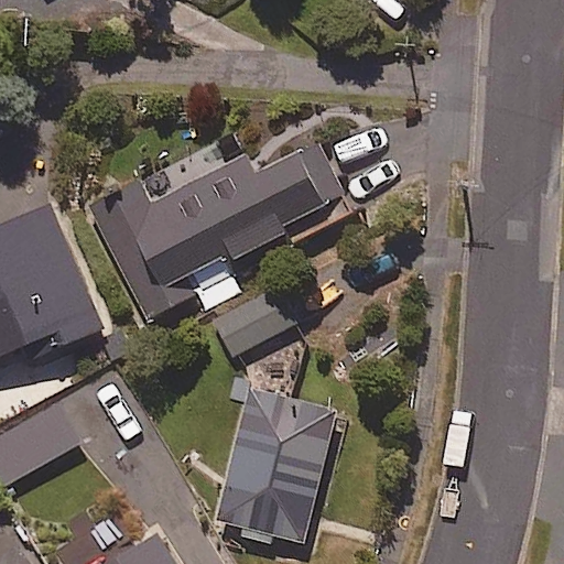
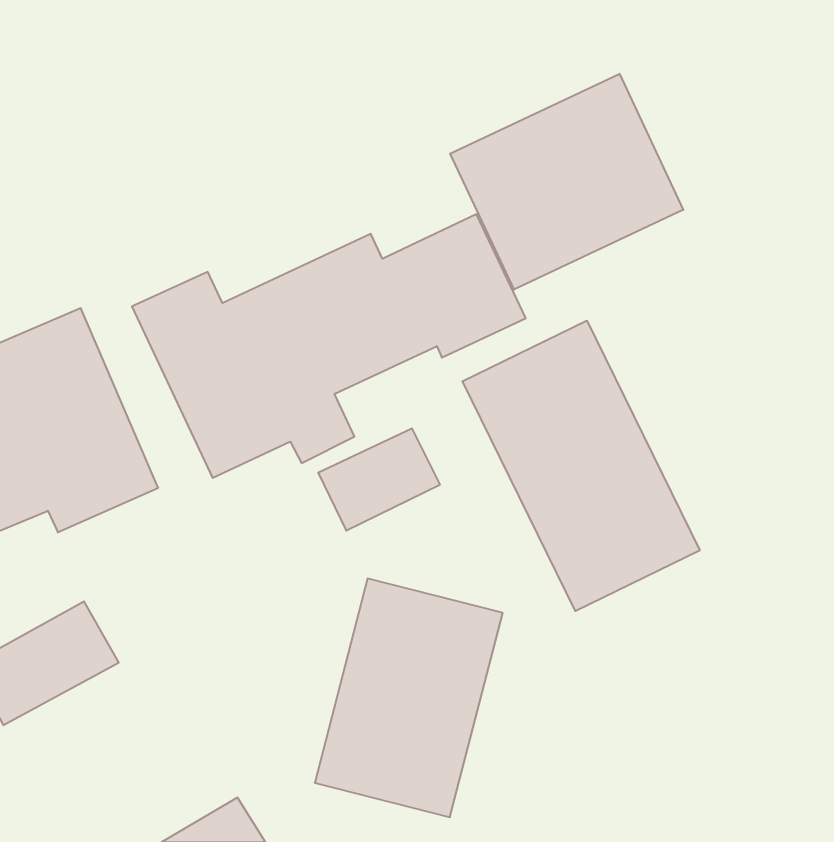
building: none -> [450,74,683,290]
building: none -> [462,321,700,611]

